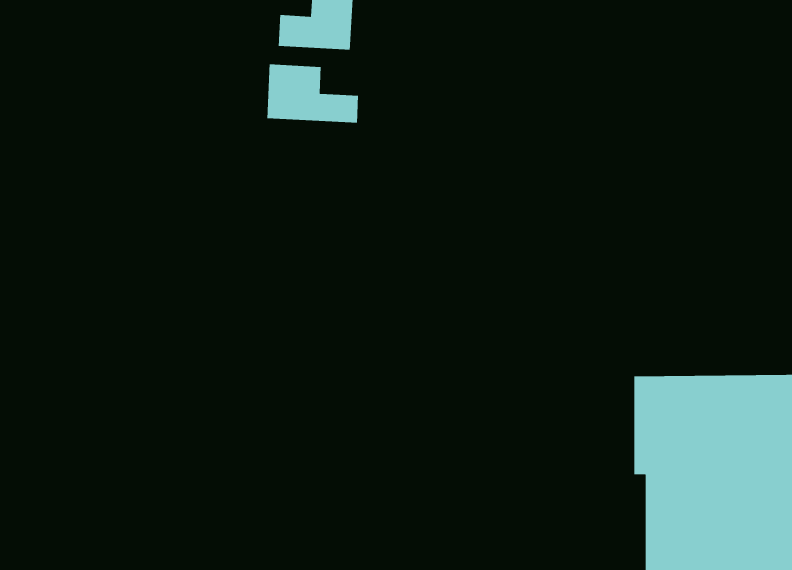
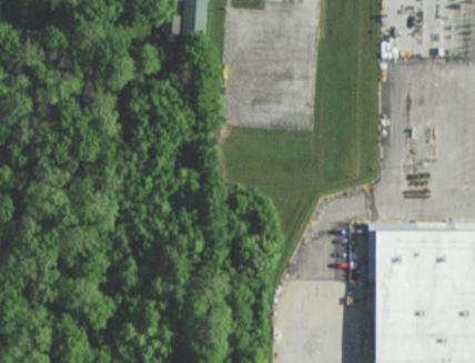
building: [266,63,359,124] -> none

